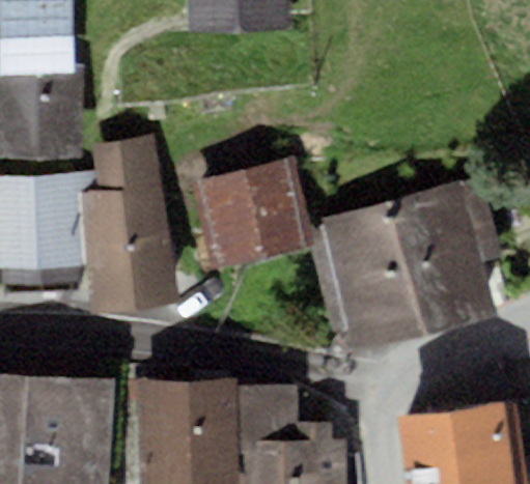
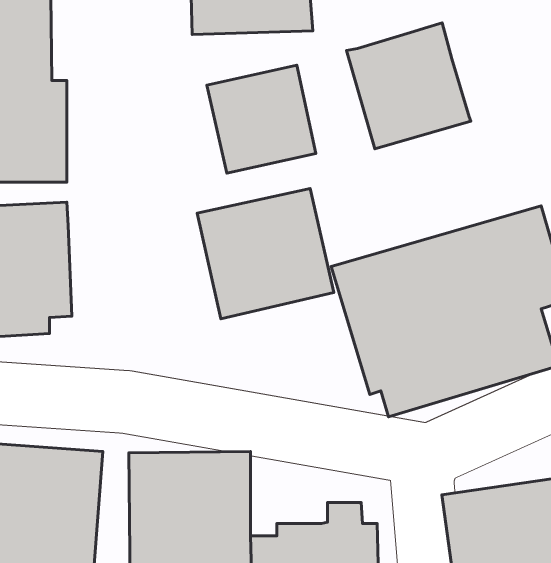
building: none -> [346,23,471,149]
building: none -> [207,65,316,173]
building: [85,137,182,311] -> none
building: [238,386,297,451] -> none

